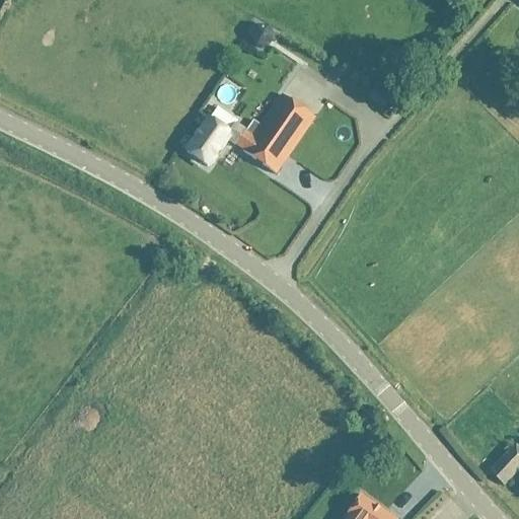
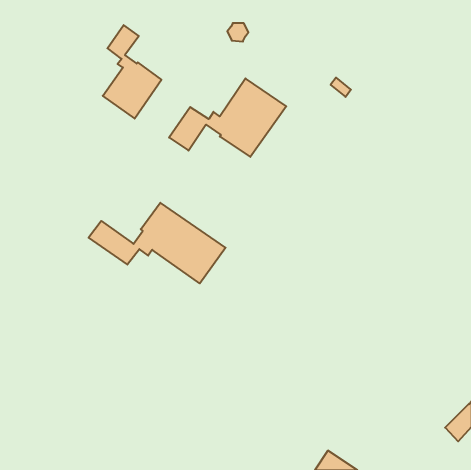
building: none -> [103,25,161,119]
building: none -> [89,203,226,283]

